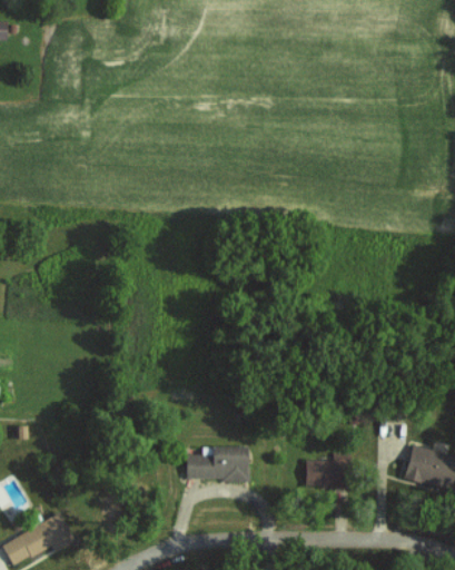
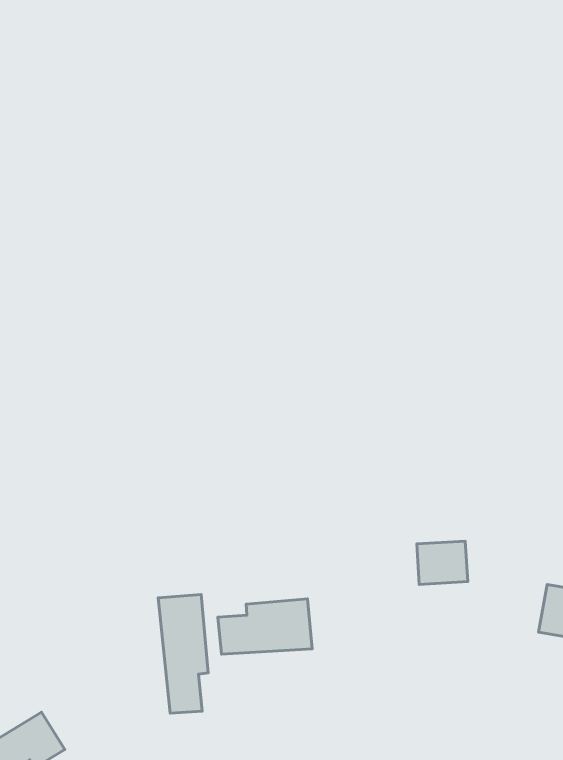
building: none -> [158,594,208,713]
building: [306,461,339,489] -> [417,541,468,584]

